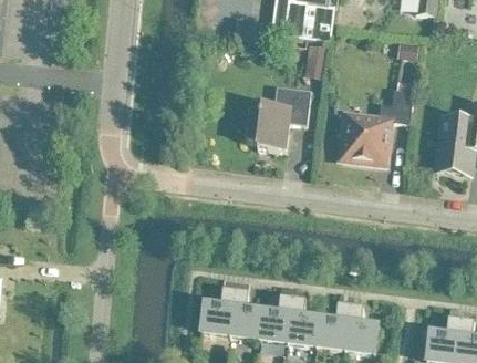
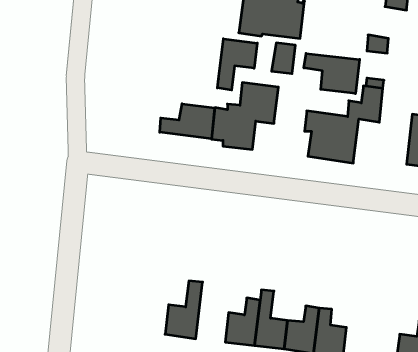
building: none -> [217,39,257,90]
building: none -> [304,53,360,94]
building: none -> [160,104,215,139]
building: [229,280,261,339] -> none

